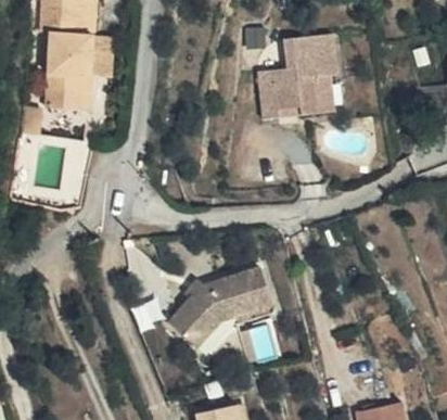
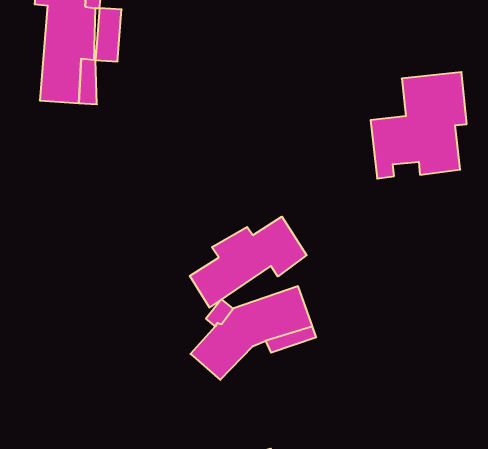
building: [259,34,340,123] -> [371,72,467,179]
building: none -> [190,217,307,308]

